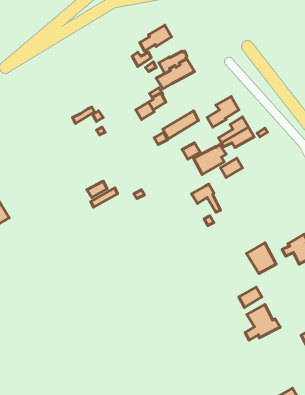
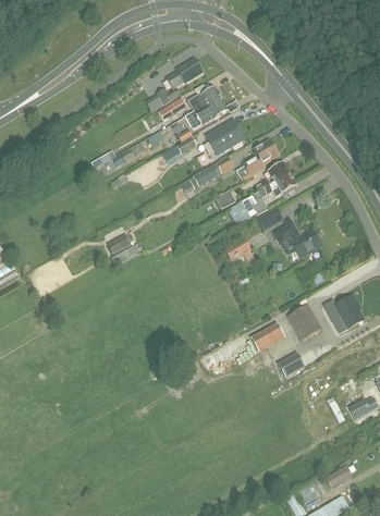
building: none -> [205,119,244,153]
building: none -> [273,222,320,257]
building: none -> [249,322,284,352]
building: [245,304,280,340] -> none

